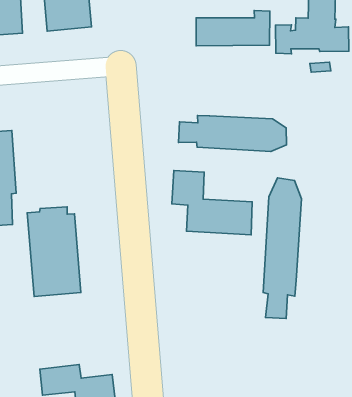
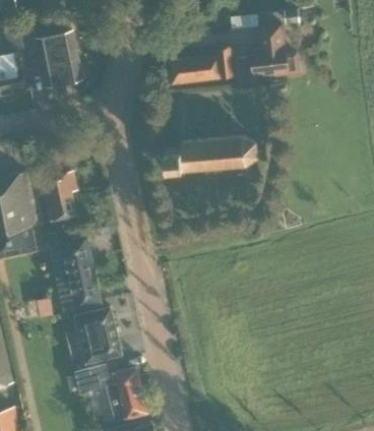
building: none -> [42,173,78,224]
building: [172,171,252,235] -> none
building: [263,178,302,318] -> none
building: none -> [73,307,124,366]

